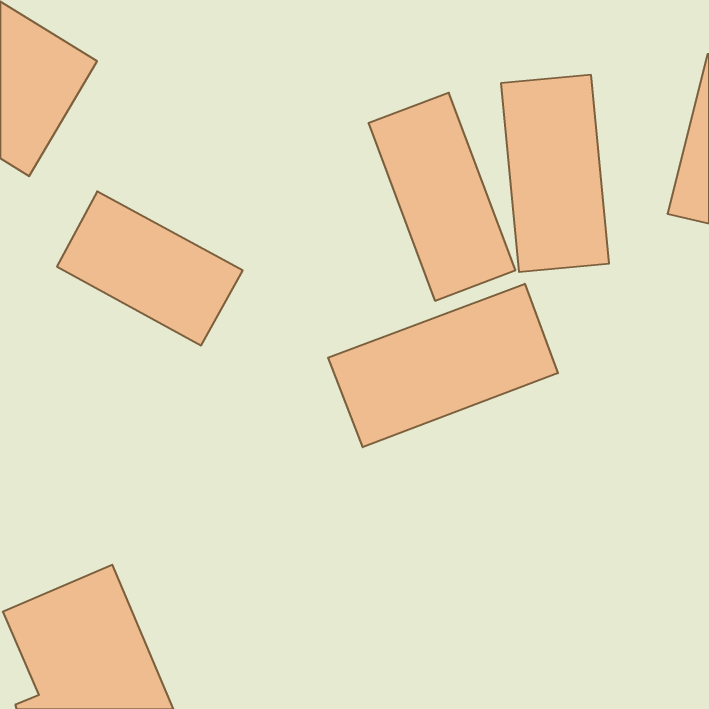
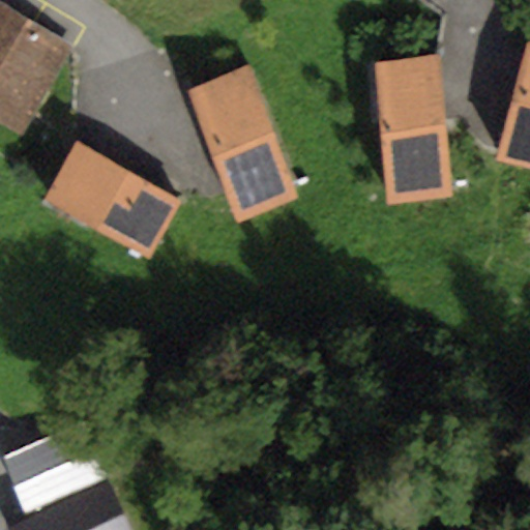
building: [368,93,515,301] -> [187,65,297,220]
building: [328,284,558,447] -> none

